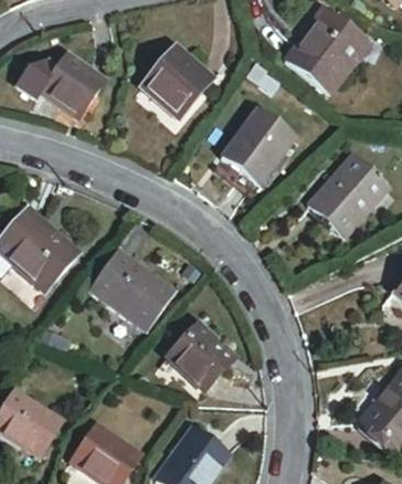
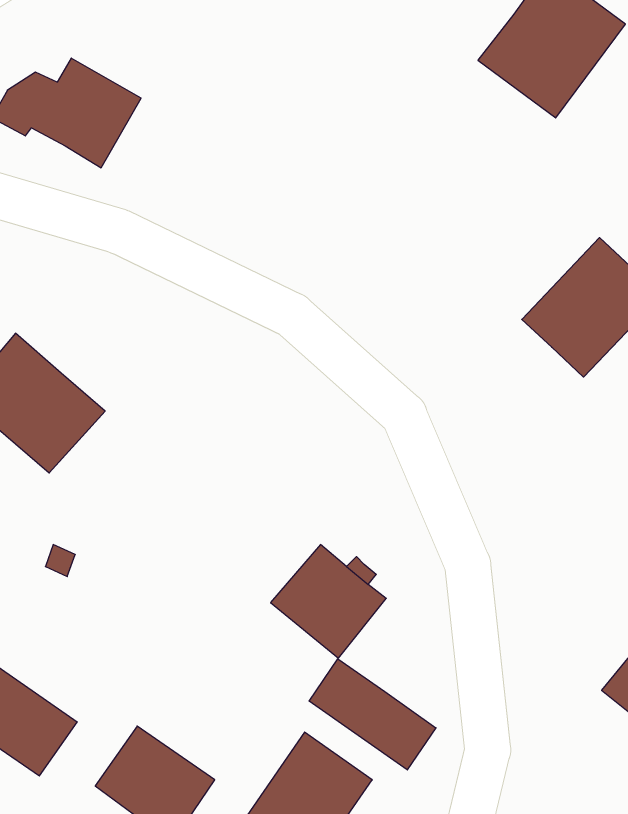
building: [147,48,212,113] -> none
building: [221,109,290,182] -> none
building: [95,246,178,323] -> none
building: none -> [309,659,436,770]

